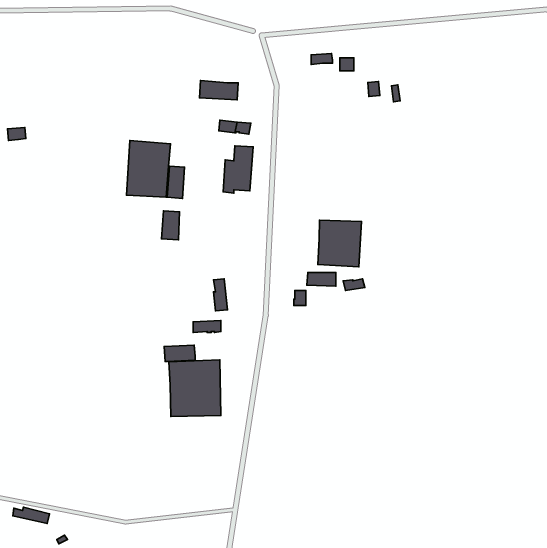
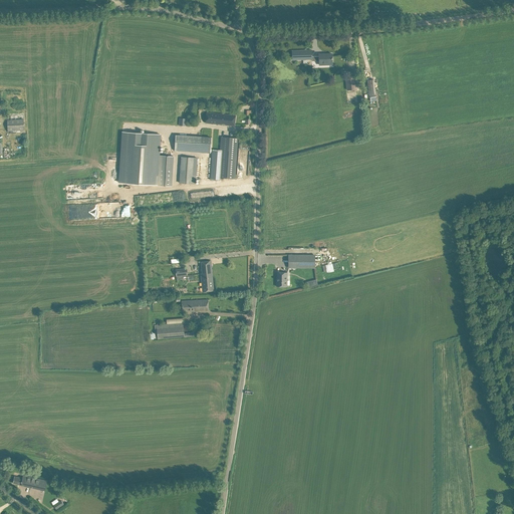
building: [200,81,238,100] -> [174,135,210,153]
building: [161,211,180,240] -> [179,157,196,184]
building: [318,220,361,267] -> none
building: [169,360,221,416] -> none

